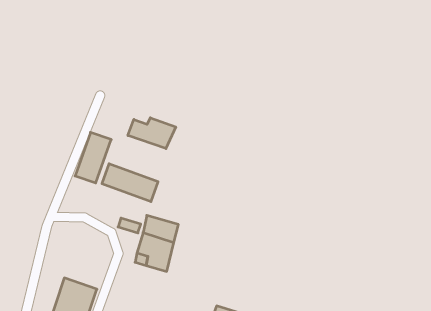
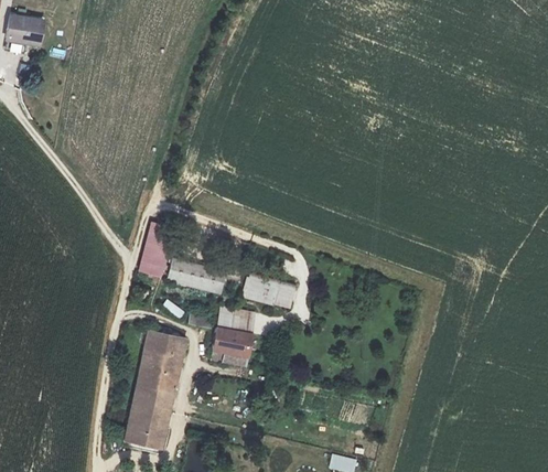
building: [128,118,176,149] -> none
building: none -> [245,276,294,309]
building: none -> [137,330,186,393]

